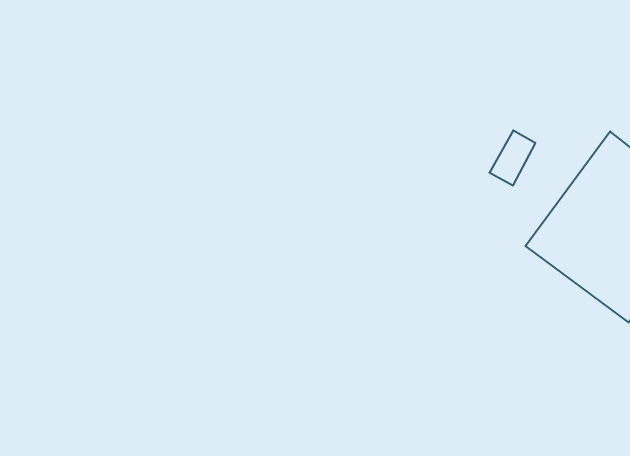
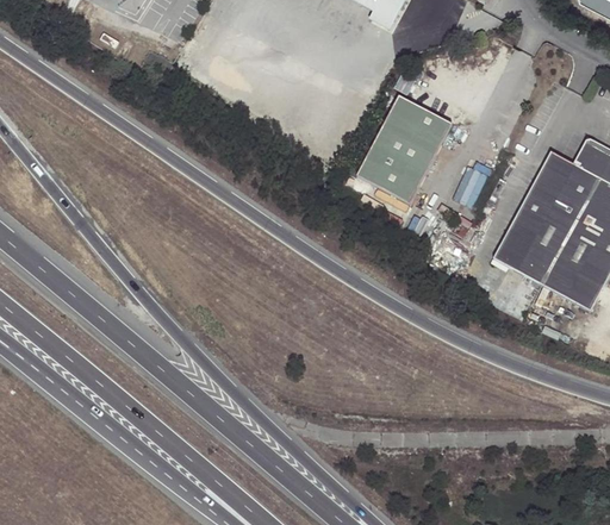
building: none -> [357,92,455,200]

